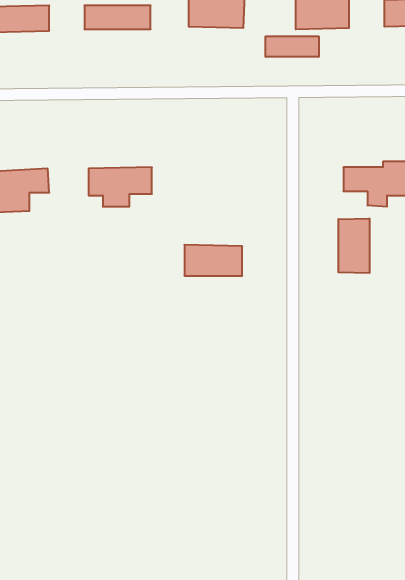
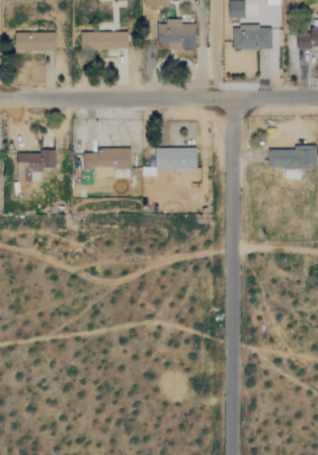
building: [266,36,319,57] -> none
building: [338,218,369,273] -> none
building: [184,245,242,276] -> [156,147,197,169]

